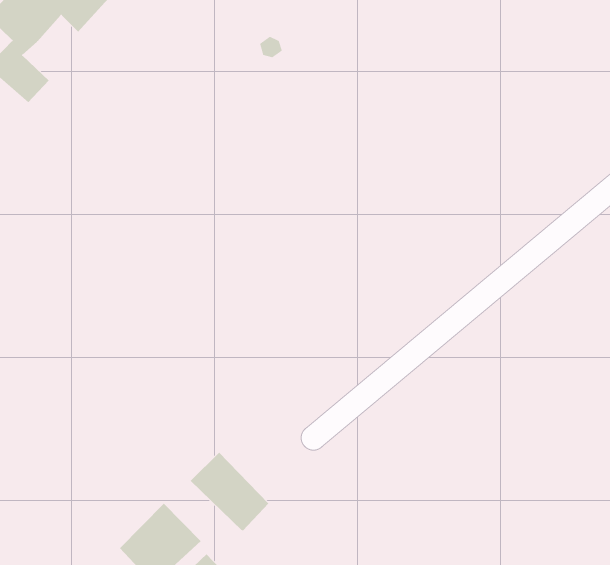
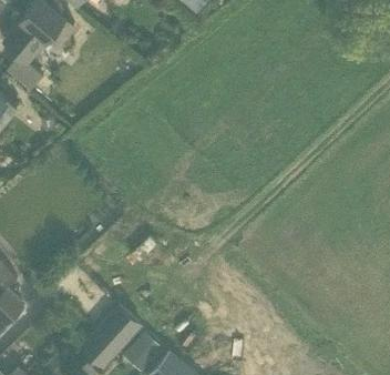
building: [190,452,269,531] -> none

